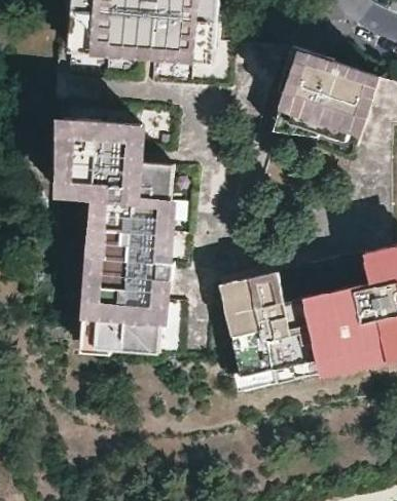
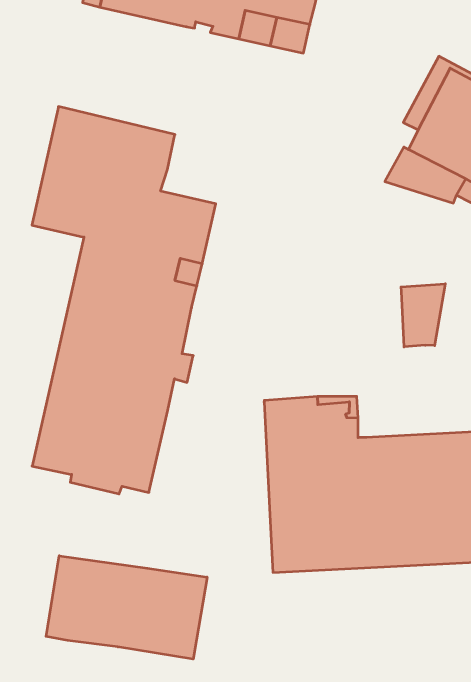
building: none -> [401,284,445,347]
building: none -> [46,556,207,659]

